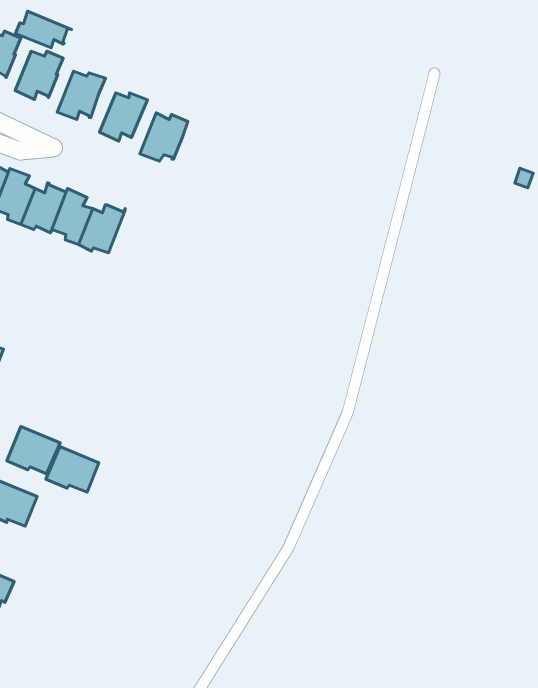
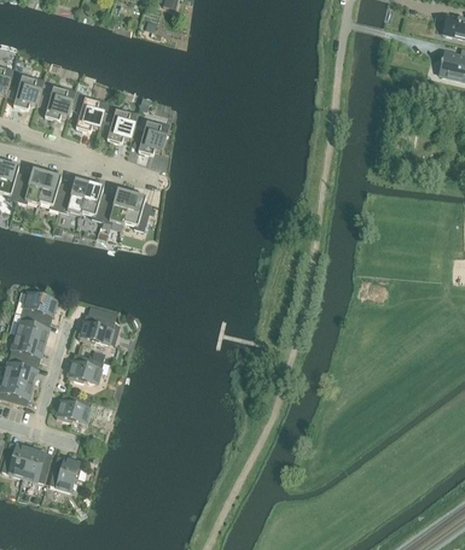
building: [15,11,71,48] -> none
building: none -> [123,192,151,230]
building: [46,446,99,492] -> [79,314,115,344]

